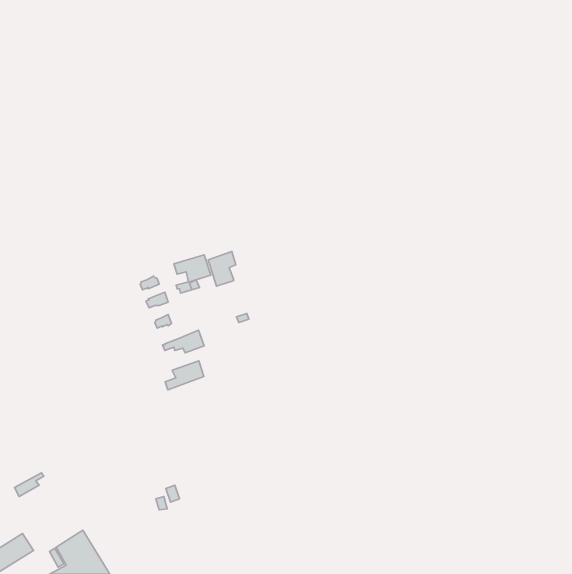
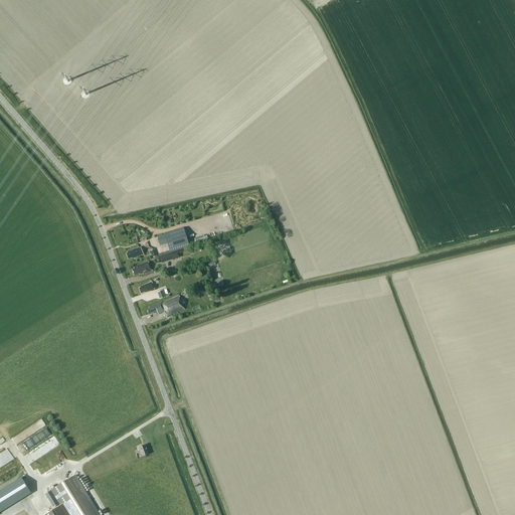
building: [208,251,236,286] -> none
building: [165,361,204,390] -> none

